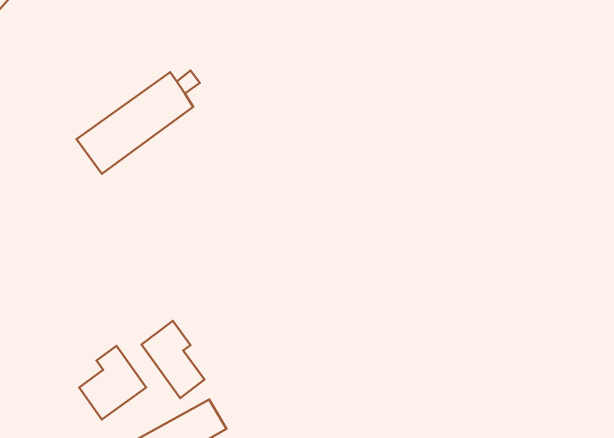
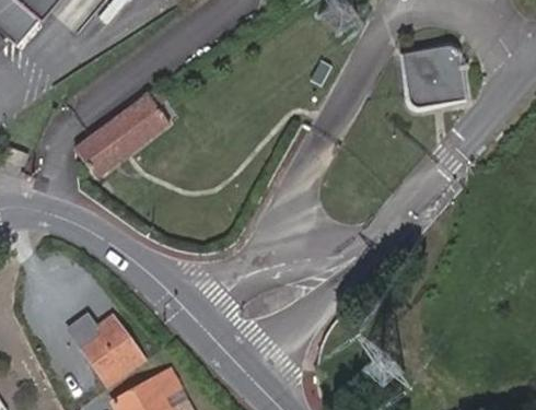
building: none -> [407,48,462,103]
building: [141,321,205,398] -> none

